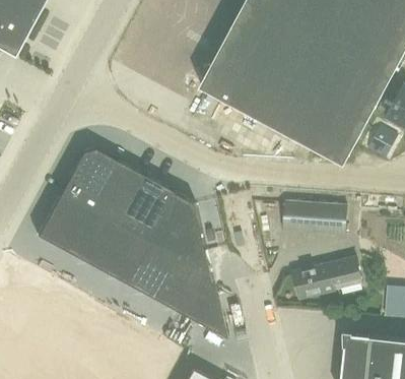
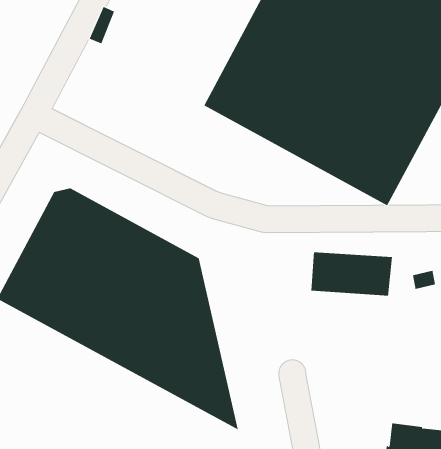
building: [292,256,358,299] -> none

